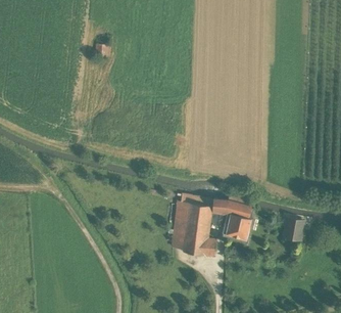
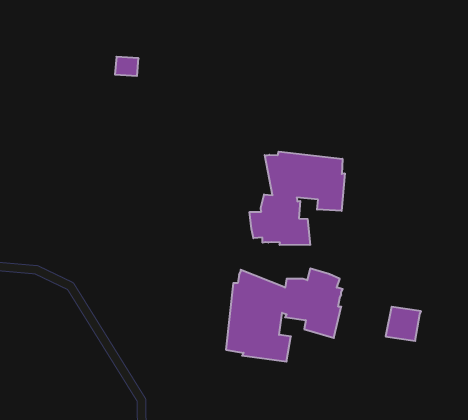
building: none -> [250,152,345,245]

